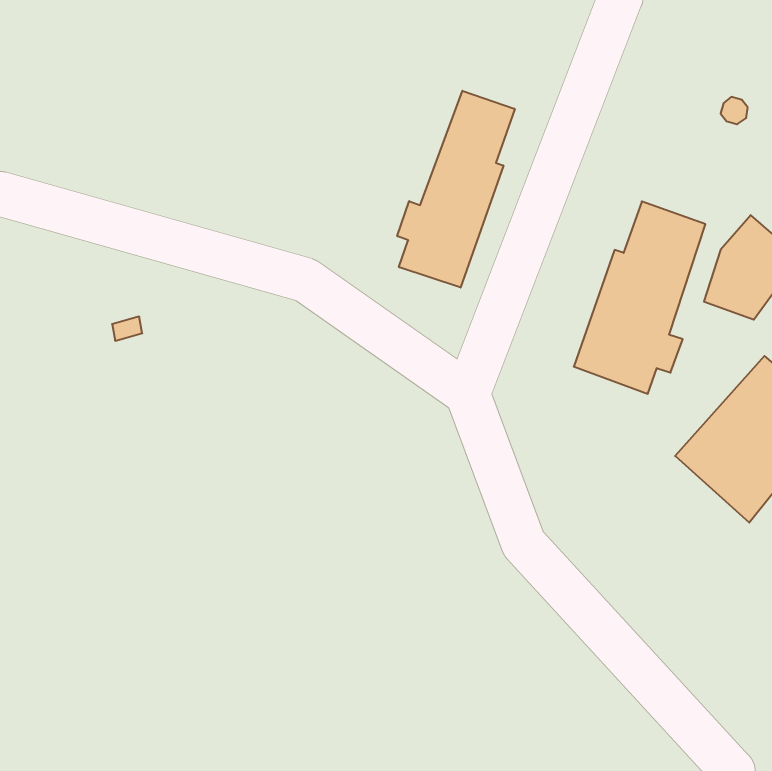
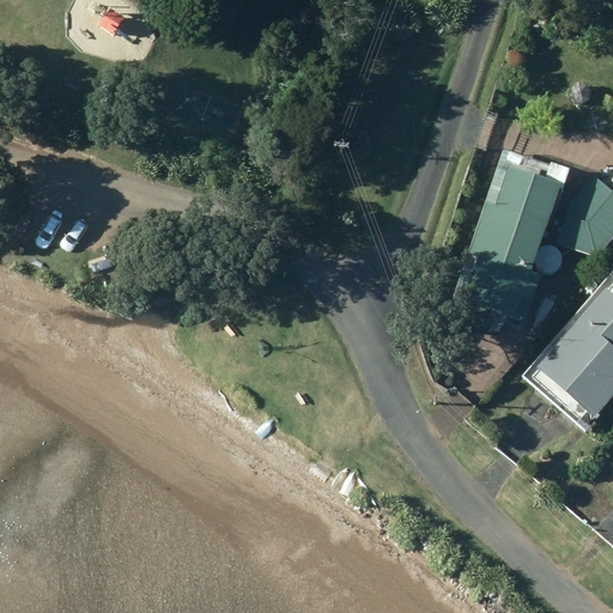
building: [397,91,515,288] -> none

